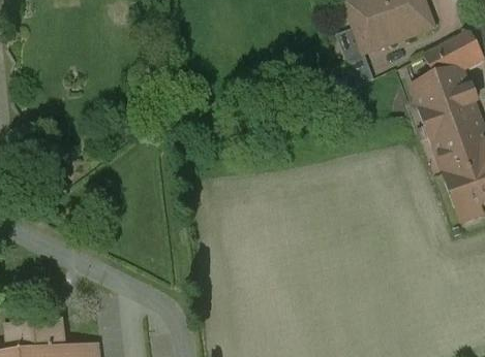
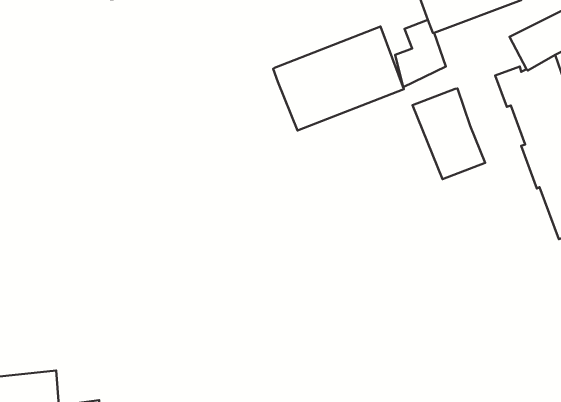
building: none -> [273,27,404,130]
building: none -> [412,89,485,179]

